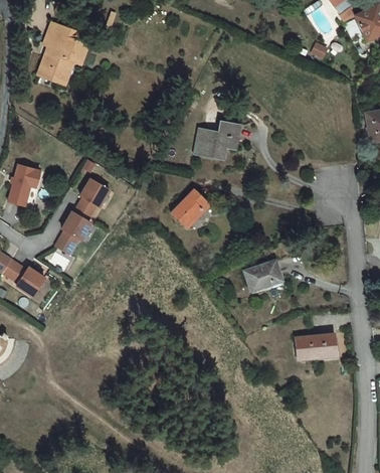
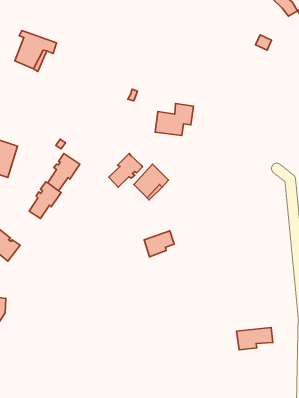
building: [45,21,87,51] -> none
building: none -> [109,154,142,187]
building: [243,263,277,292] -> [144,231,174,257]
building: [295,334,336,359] -> [237,328,273,350]

